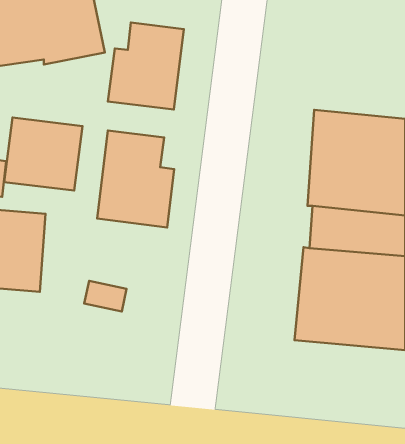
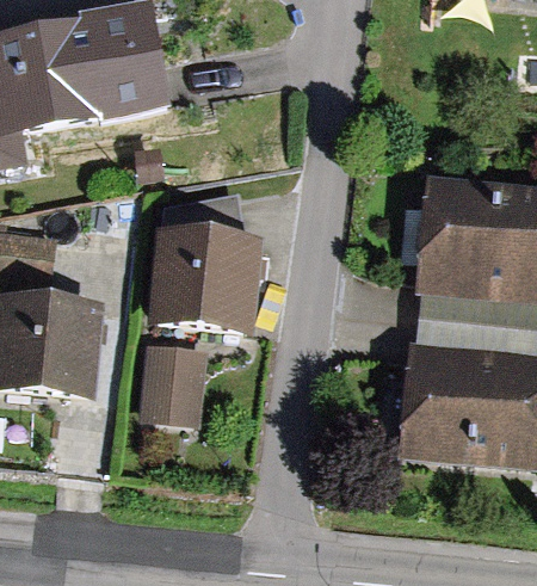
building: [108,23,184,110] -> none
building: [4,118,82,191] -> none

